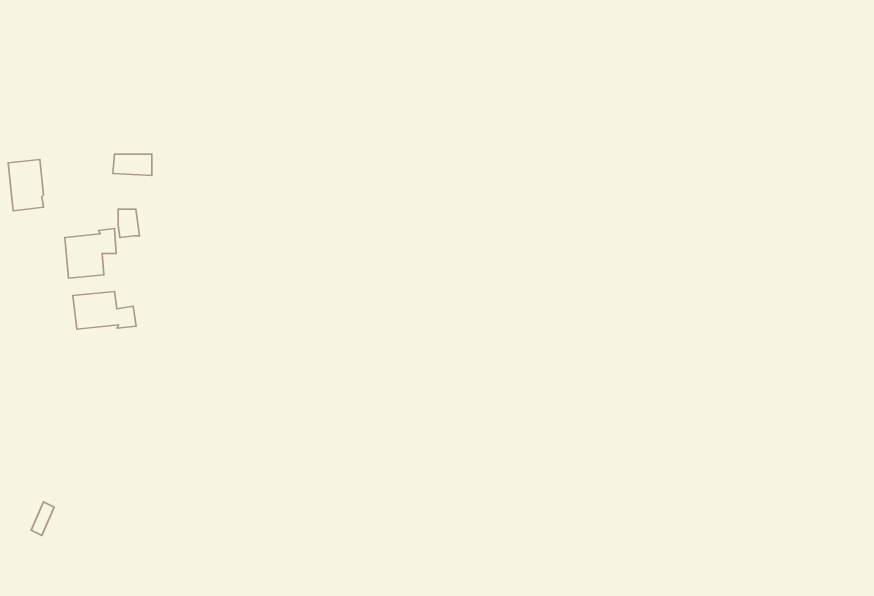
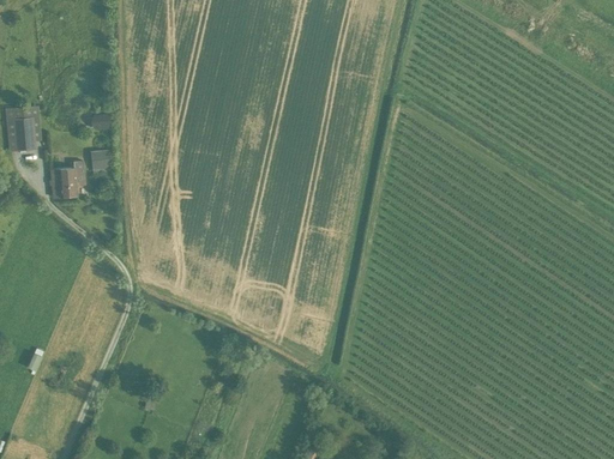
building: [73,291,136,329] -> none

